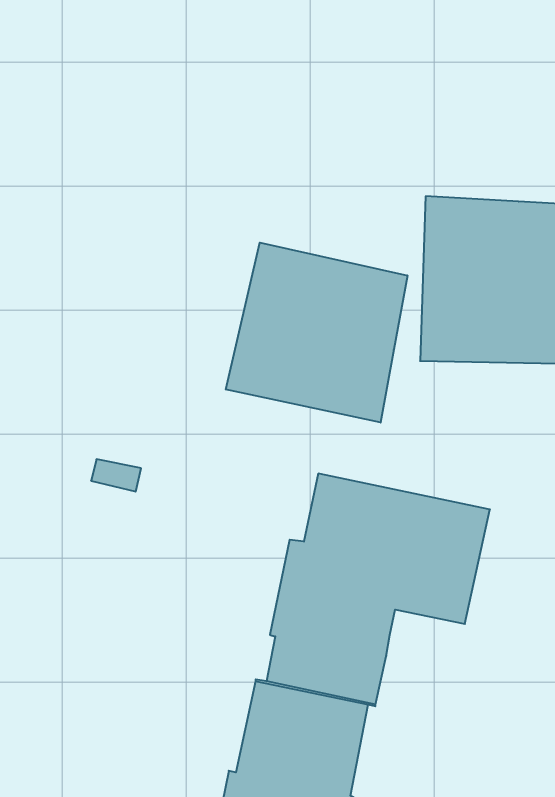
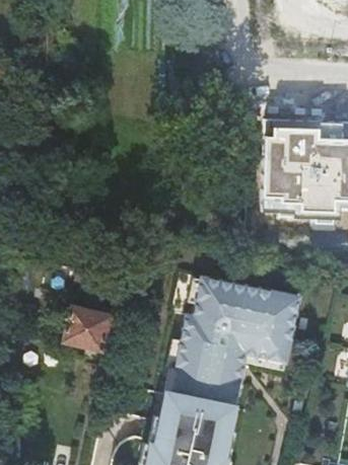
building: [226,243,407,423] -> none
building: none -> [63,304,112,350]

